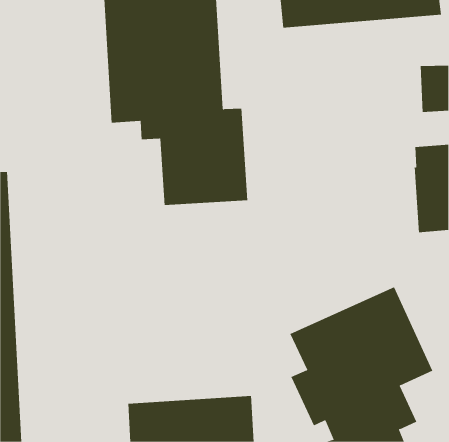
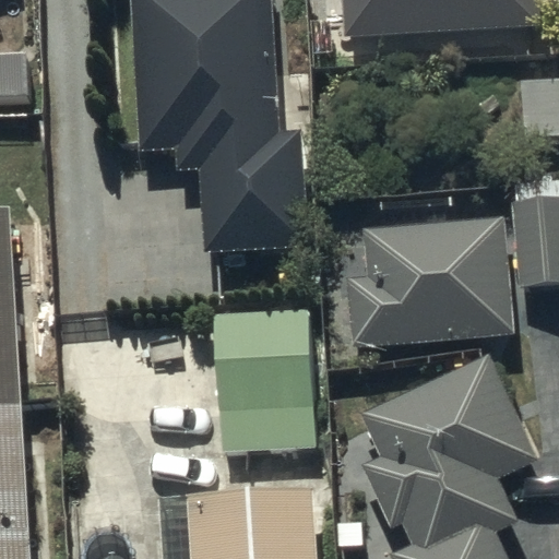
building: none -> [348,219,512,349]
building: none -> [213,309,318,452]

